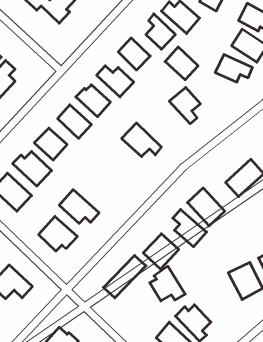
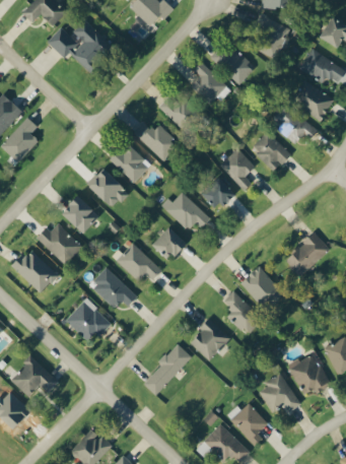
building: [165,47,198,80] -> [252,132,290,171]
building: none -> [202,177,236,206]
building: none -> [152,227,186,261]
building: none -> [117,244,161,280]
building: [150,266,185,301] -> [259,373,300,413]

